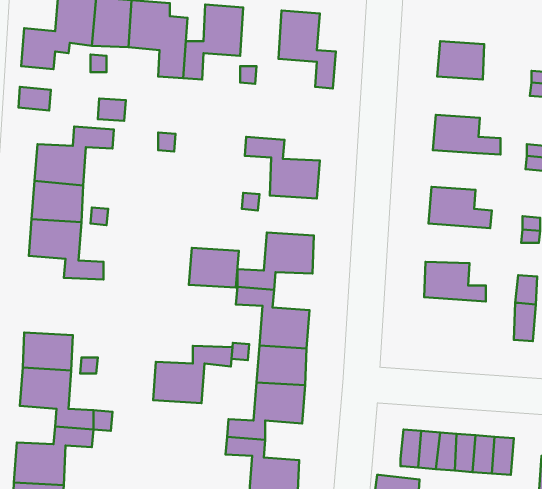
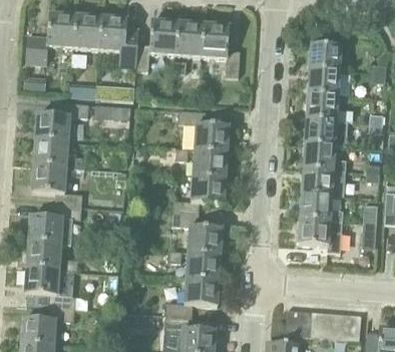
building: none -> [175,21,204,56]
building: none -> [309,68,341,96]
building: none -> [306,118,337,145]
building: none -> [302,168,346,196]
building: [189,248,239,288] -> [193,149,228,177]
building: none -> [299,219,343,246]
building: [153,346,232,403] -> [28,206,82,245]

